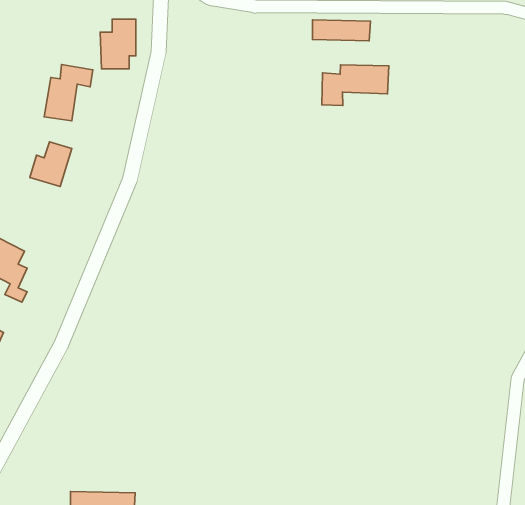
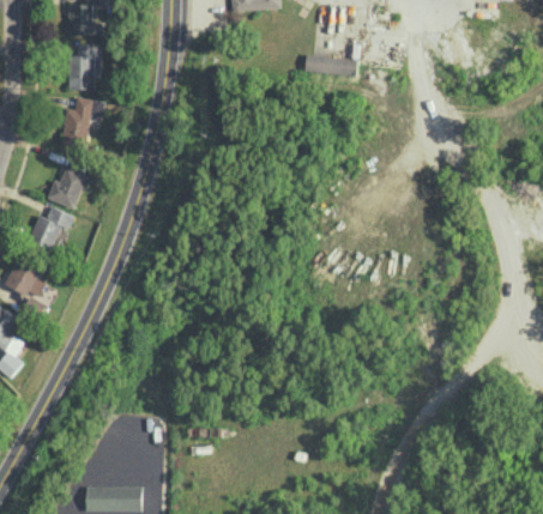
building: [100,19,136,69] -> [67,44,99,90]
building: [322,65,389,106] -> none
building: none -> [26,206,74,254]

